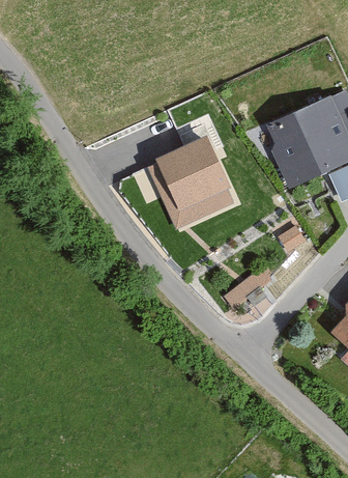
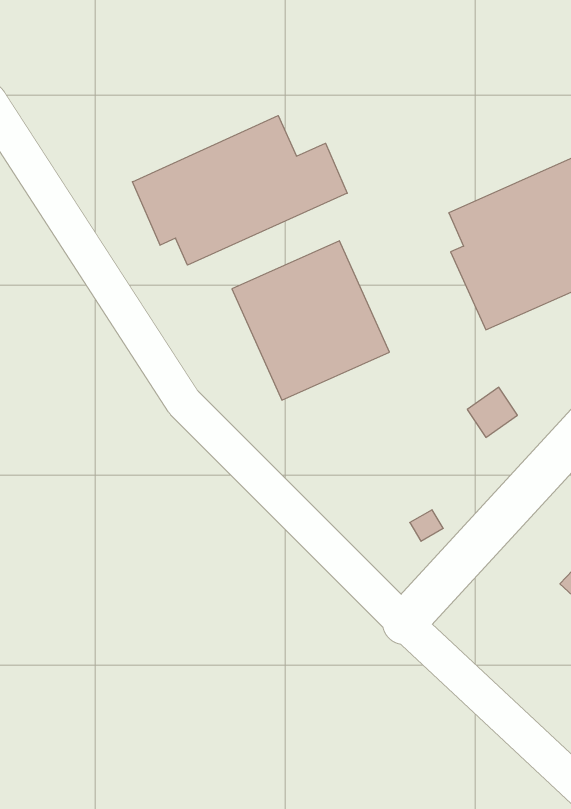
building: none -> [132,116,347,265]

